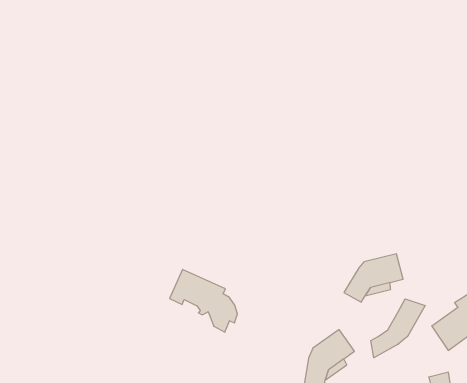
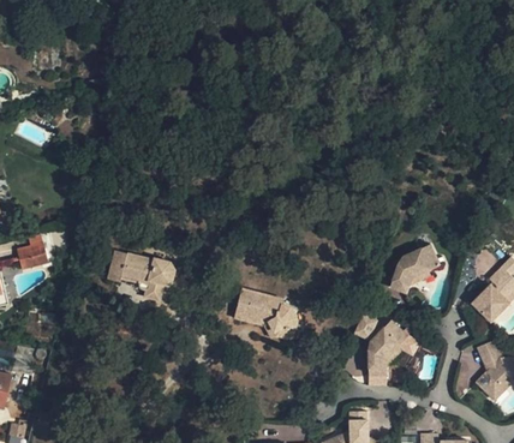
building: none -> [109,251,175,300]
building: [371,299,425,358] -> none

